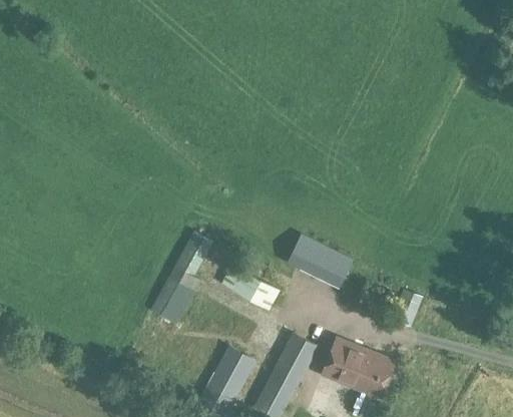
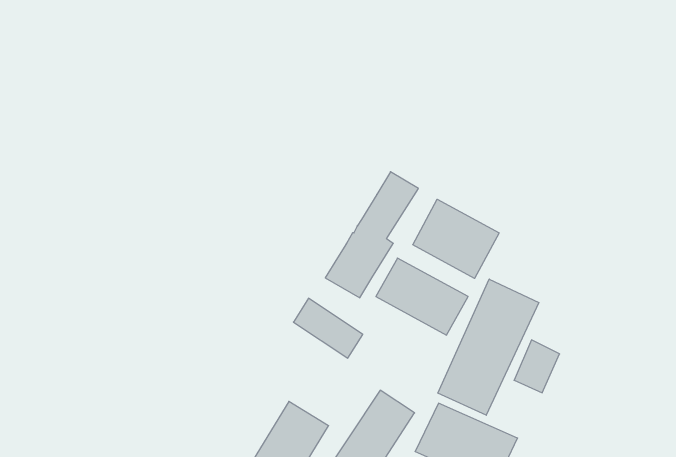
building: none -> [413,199,499,278]
building: [150,231,214,324] -> [325,172,418,298]
building: none -> [438,279,539,415]

